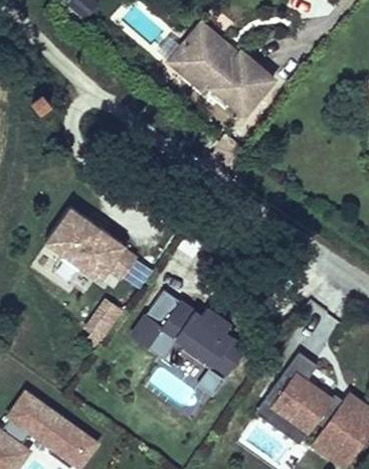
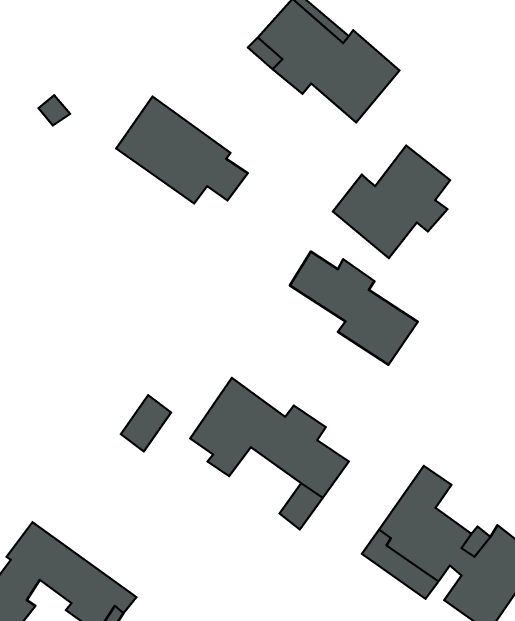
building: none -> [333,145,450,258]
building: none -> [290,251,418,365]
building: [44,206,136,281] -> [116,97,248,203]

